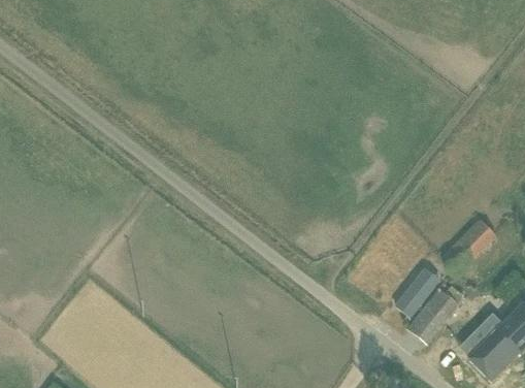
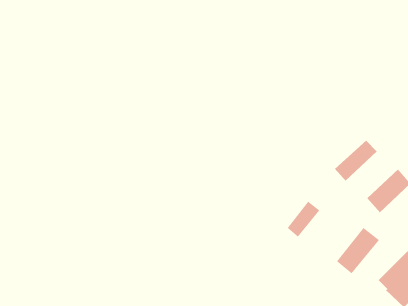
building: none -> [334,140,377,181]
building: [397,271,436,315] -> [287,201,320,238]

